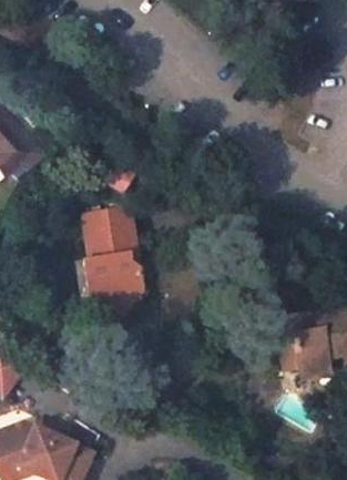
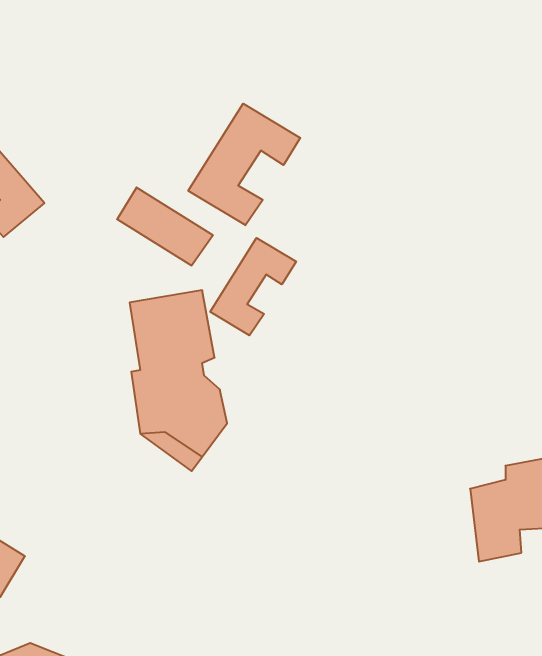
building: none -> [188,104,300,225]
building: none -> [210,238,296,335]

